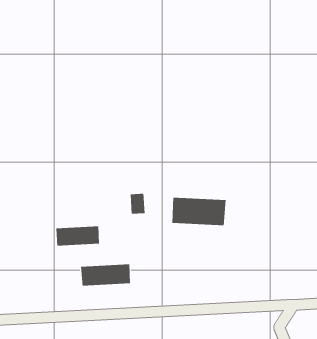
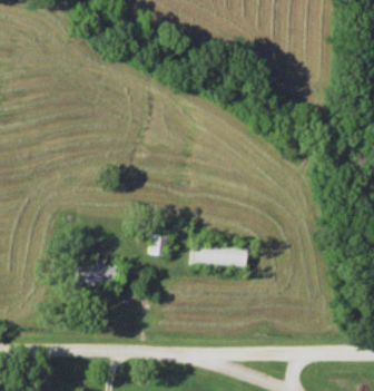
building: [80,264,131,287] -> none

